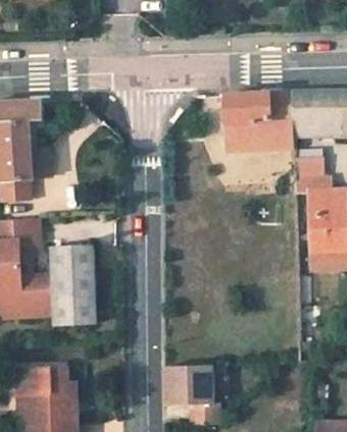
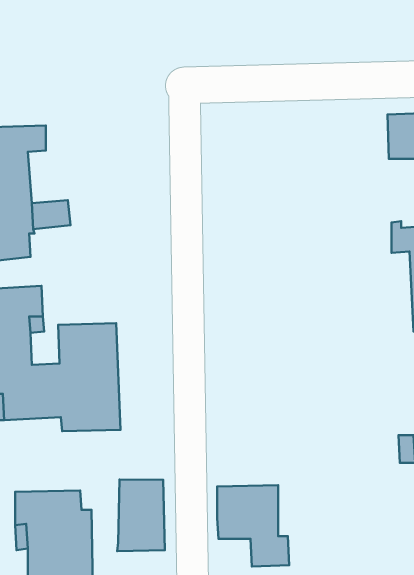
building: [224,92,294,150] -> none
building: none -> [117,480,165,551]

